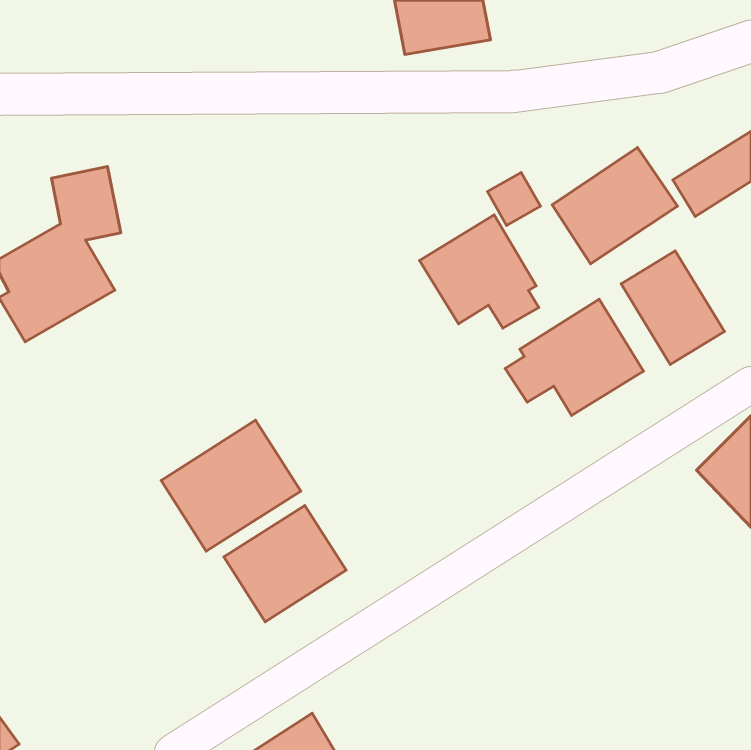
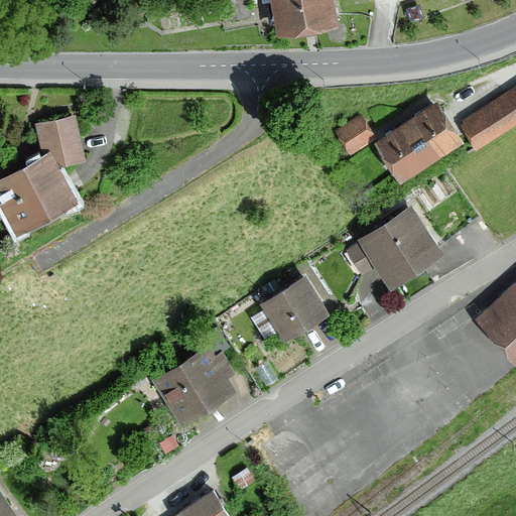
building: [420,215,539,328] -> none
building: [621,251,724,365] -> none
building: none -> [260,275,330,343]
building: [161,420,301,551] -> none

